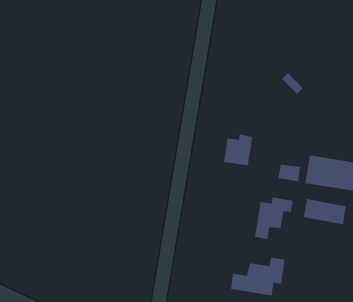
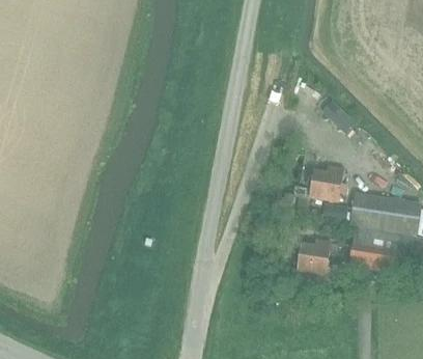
building: [223,134,253,166] -> [310,166,343,201]
building: [231,257,285,296] -> none

